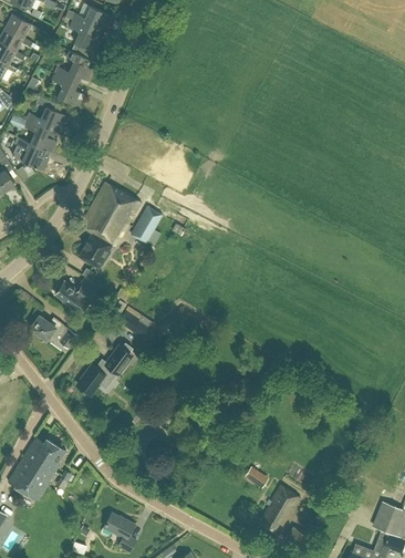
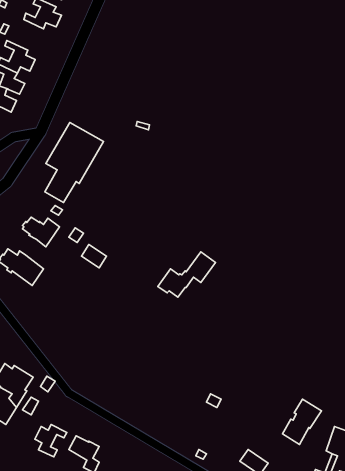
building: [52,74,84,106] -> none
building: [129,206,160,244] -> none
building: [72,344,133,392] -> [158,252,215,297]
building: [258,486,299,534] -> [283,399,321,444]
building: none -> [35,425,67,457]

